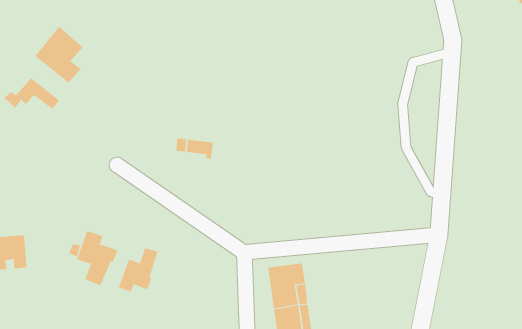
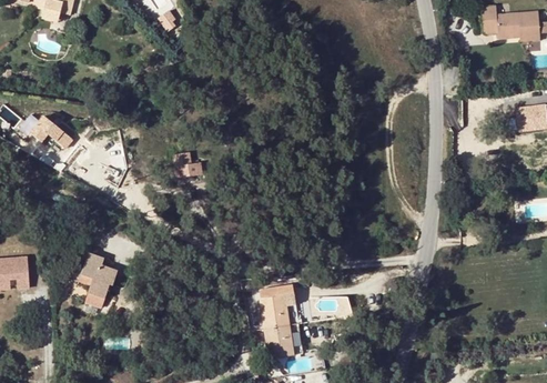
building: [35,26,83,83] -> none
building: [118,247,158,293] -> none

